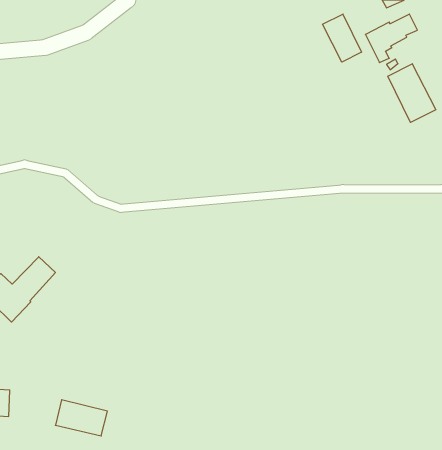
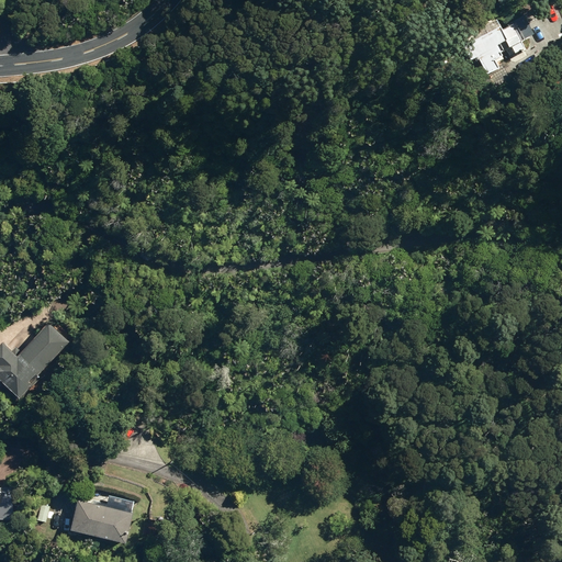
building: [323,14,361,62] -> none
building: [388,64,436,122] -> none

